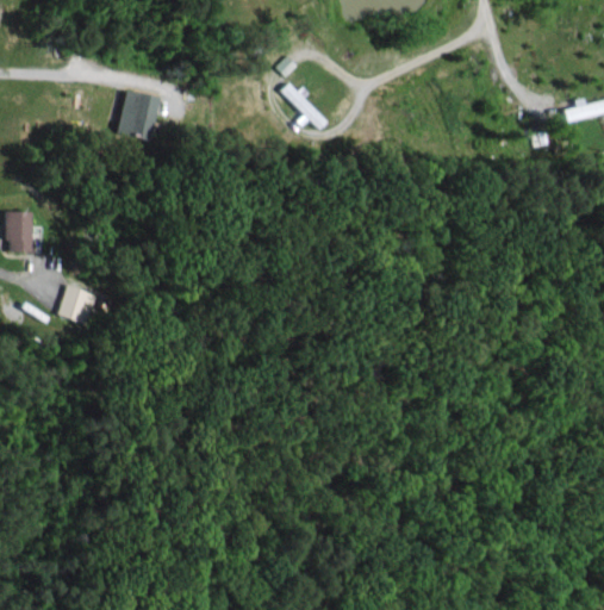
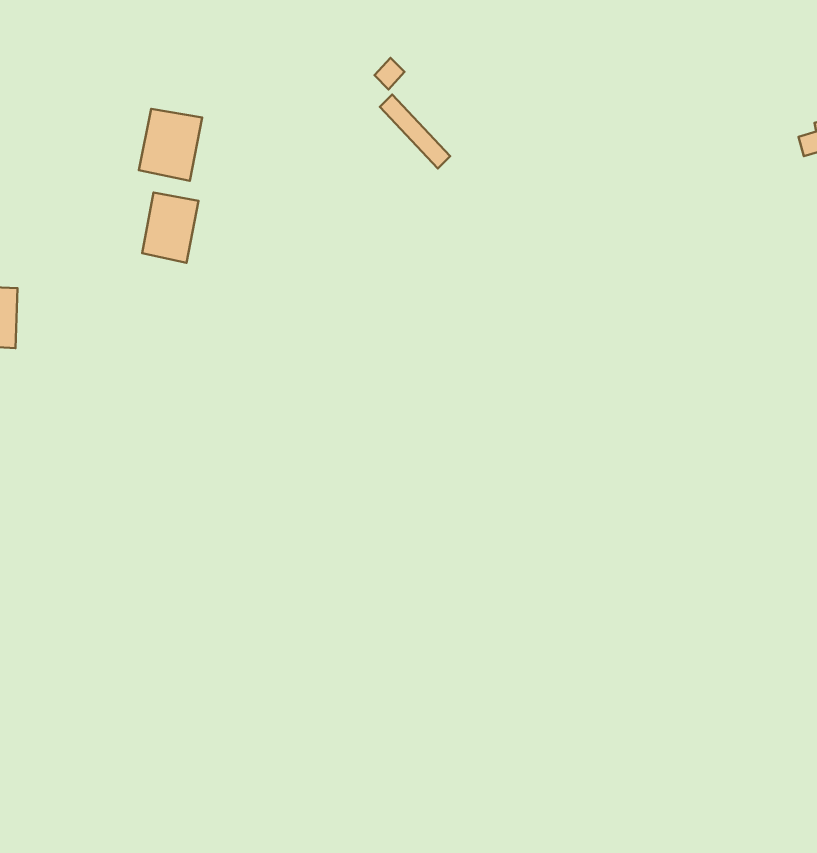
building: none -> [142,193,199,263]
building: [60,285,99,325] -> none

